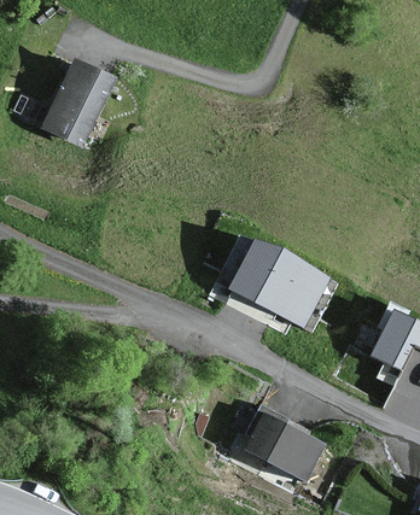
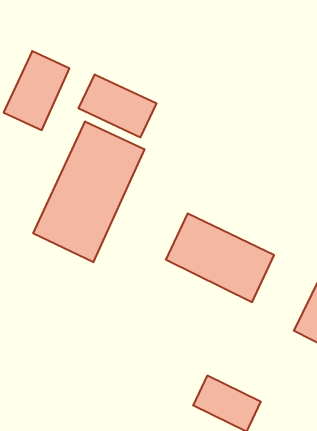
building: none -> [79,74,156,137]
building: none -> [33,121,144,262]

